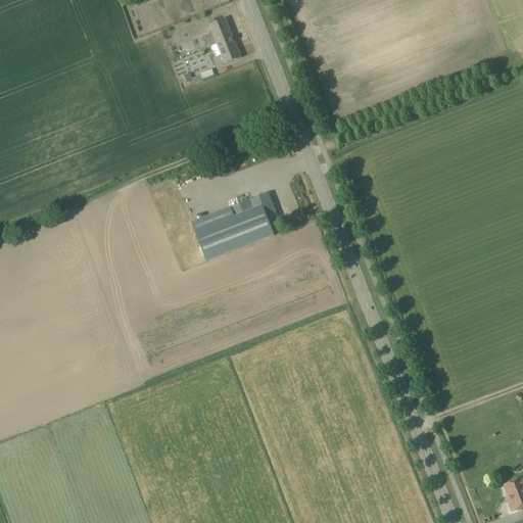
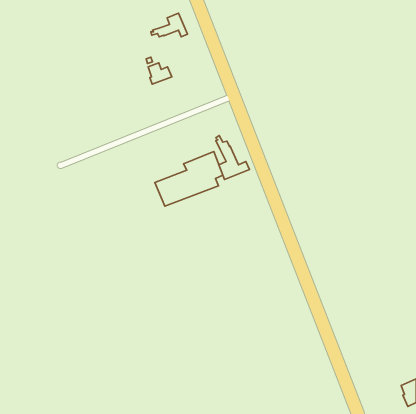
building: [210,38,240,64] -> [148,63,172,84]
building: none -> [216,136,249,180]

